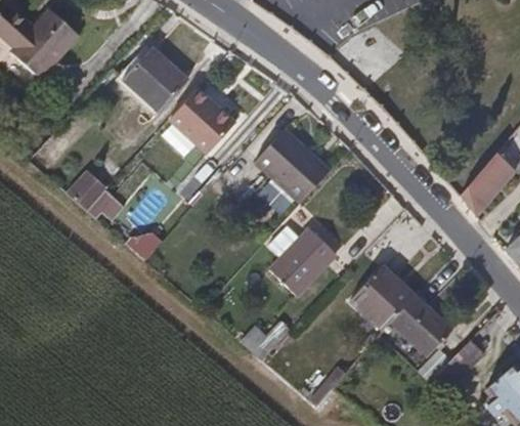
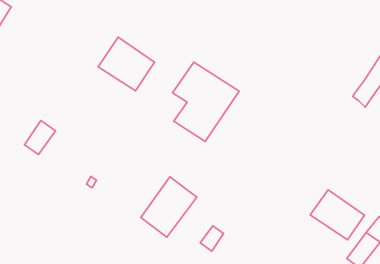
building: [125,50,187,112] -> none
building: [268,221,336,290] -> [141,177,197,237]
building: [352,268,416,333] -> none

